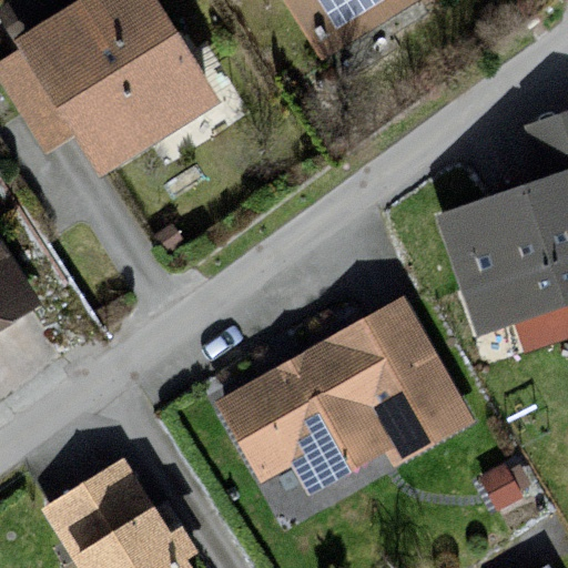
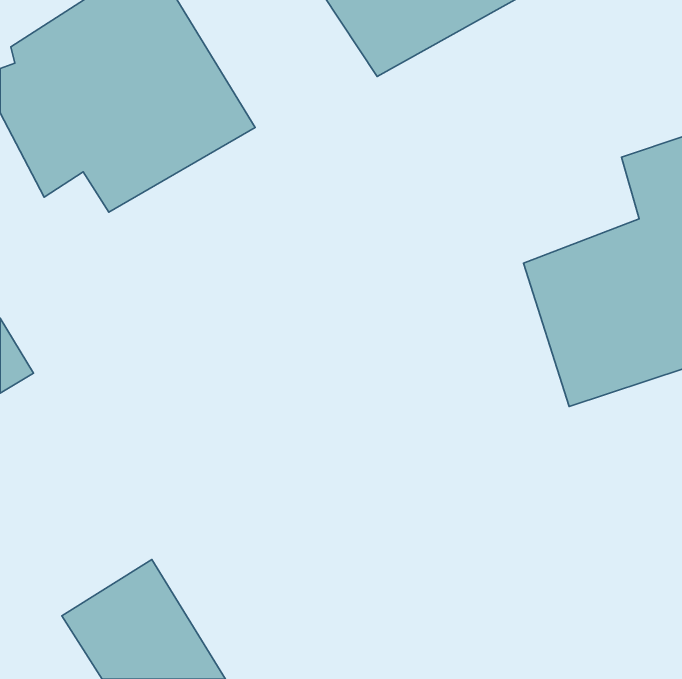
building: [229,298,473,481] -> none

